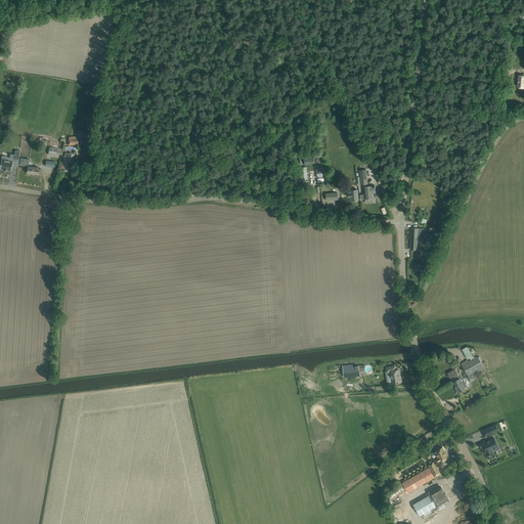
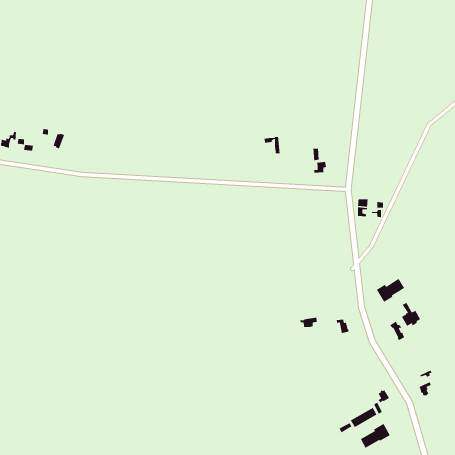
building: none -> [376,278,405,303]

